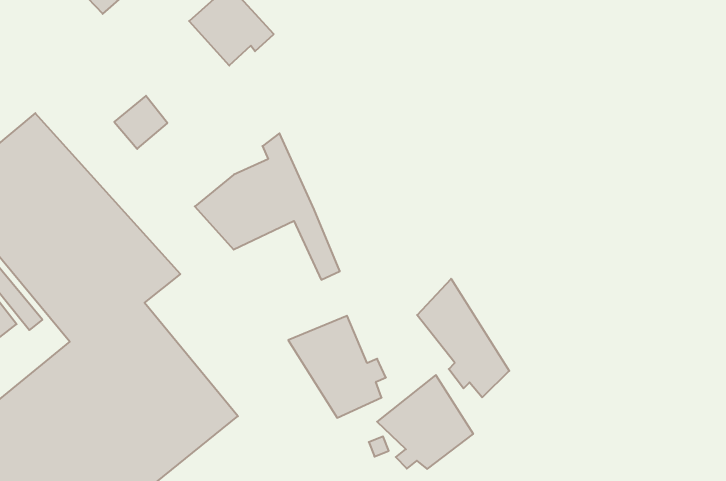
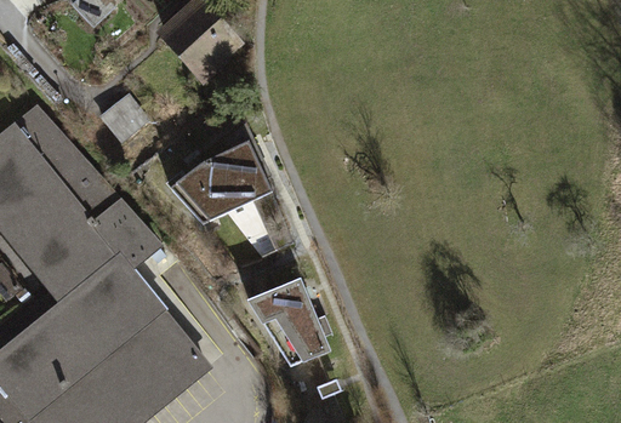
building: [417,279,509,397] -> none
building: [377,375,473,469] -> none

